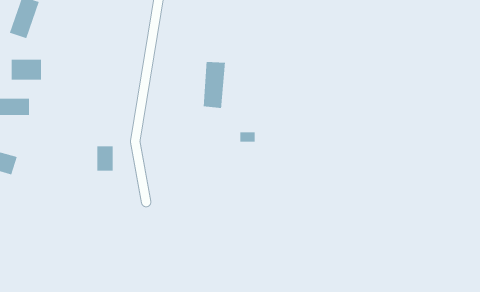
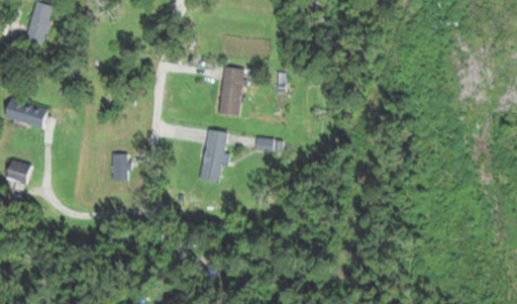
building: [11,59,42,80] -> none
building: none -> [200,129,229,182]

